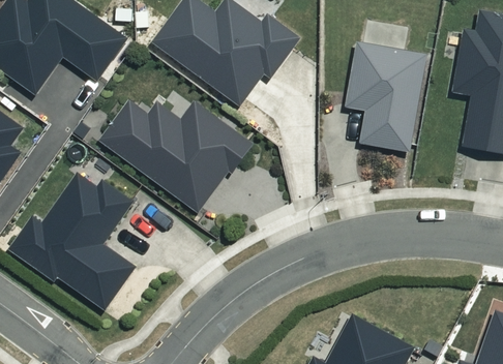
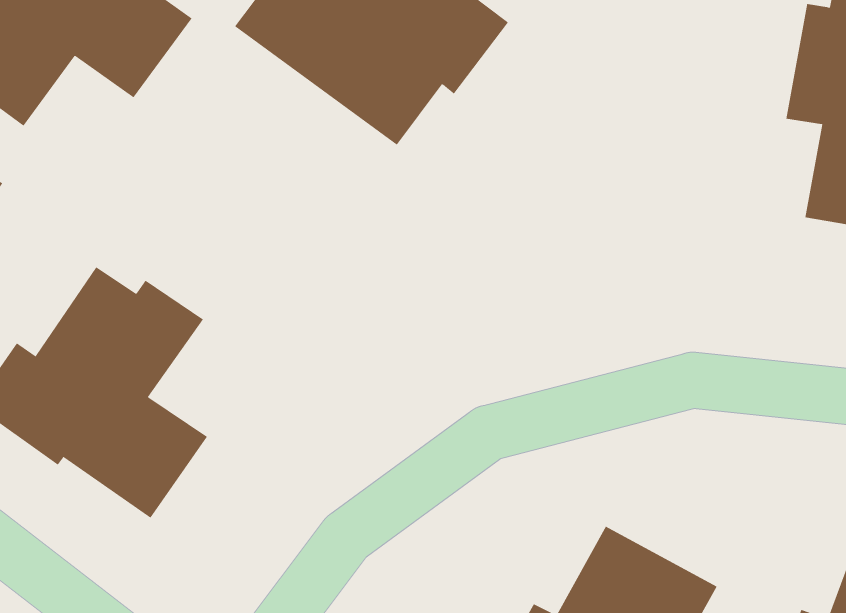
building: [344,41,426,151] -> none
building: [97,98,252,212] -> none

